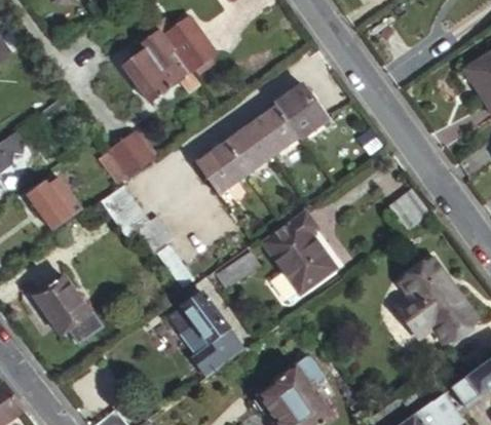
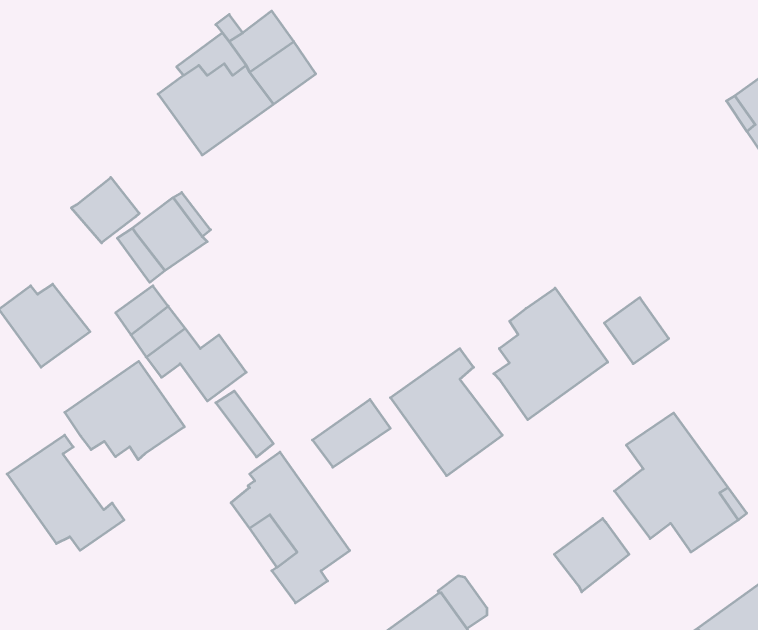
building: [195,86,326,192] -> none
building: none -> [71,177,139,243]
building: none -> [494,288,608,420]
building: none -> [65,361,184,460]
building: none -> [554,518,629,592]

